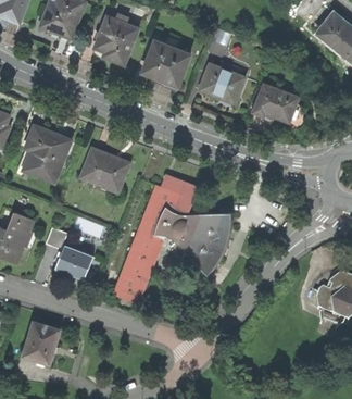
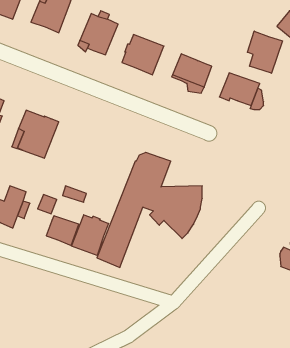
building: none -> [247,31,283,73]
building: [80,149,127,189] -> none
building: none -> [72,215,108,255]
building: [24,322,60,364] -> none

